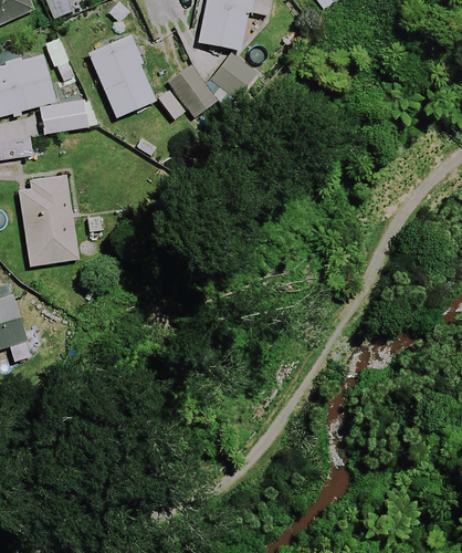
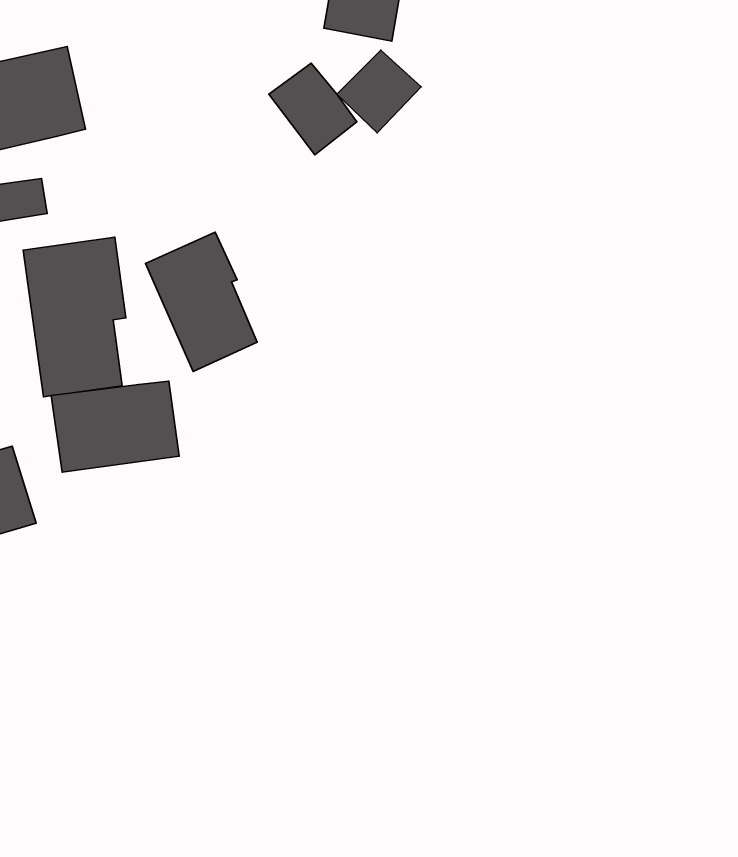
building: [87,34,155,118] -> [145,232,257,372]
building: [38,100,86,135] -> none
building: none -> [51,381,179,472]

